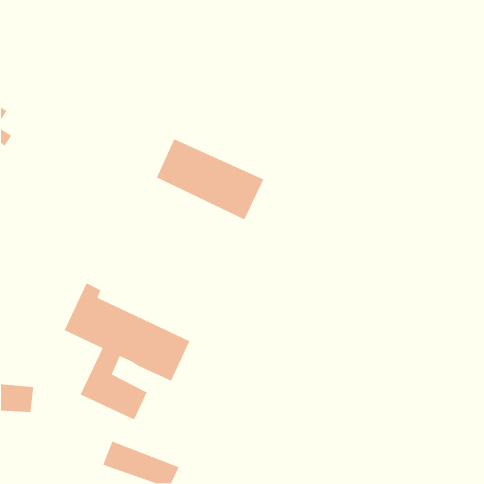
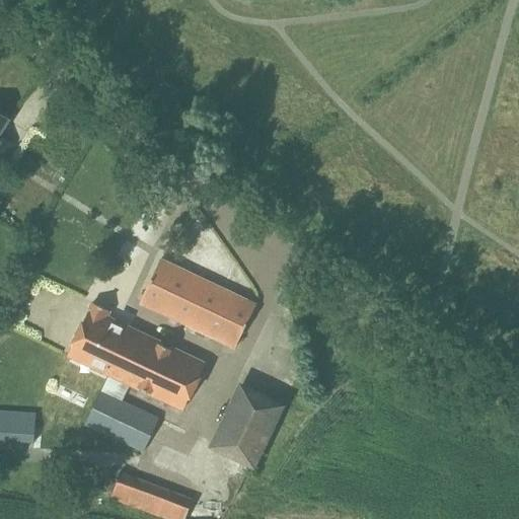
building: [156,138,265,221] -> [140,260,256,348]
building: none -> [216,389,278,461]

